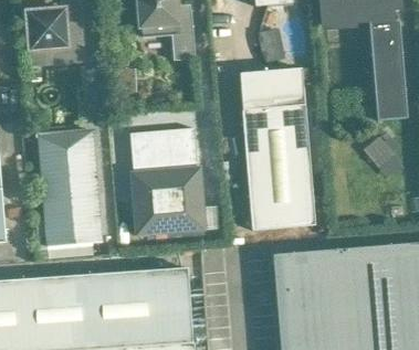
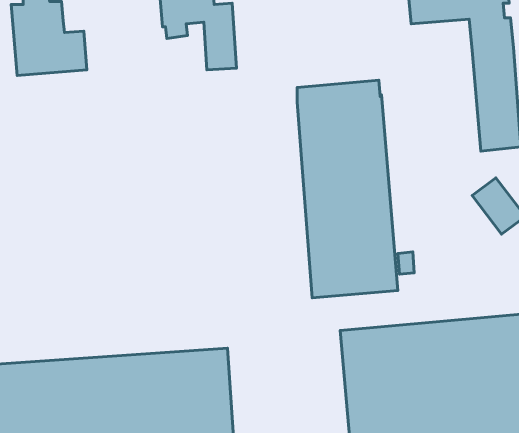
building: [129,127,205,234] -> none
building: [36,128,102,246] -> none

